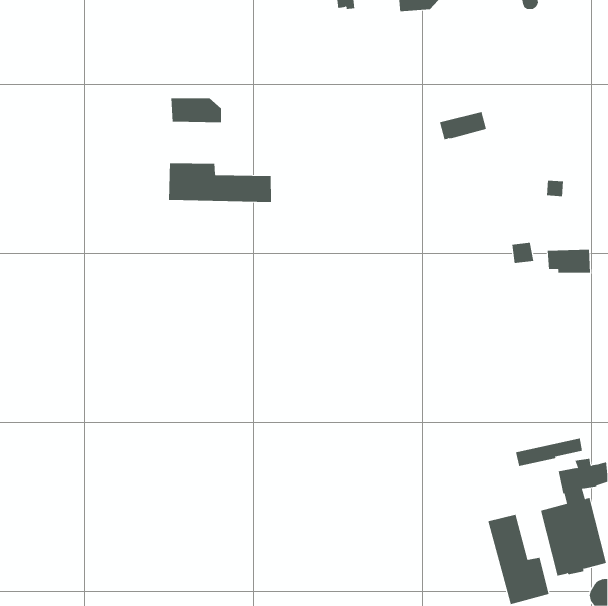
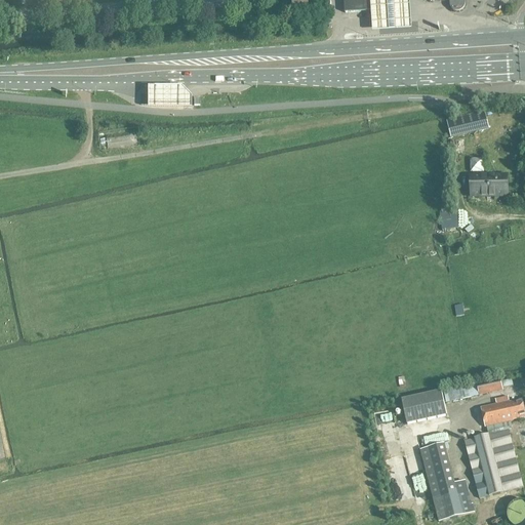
building: [439,111,487,140] -> [446,110,487,134]
building: [168,163,271,203] -> none
building: [547,249,591,273] -> [470,173,508,194]
building: none -> [401,389,446,421]

